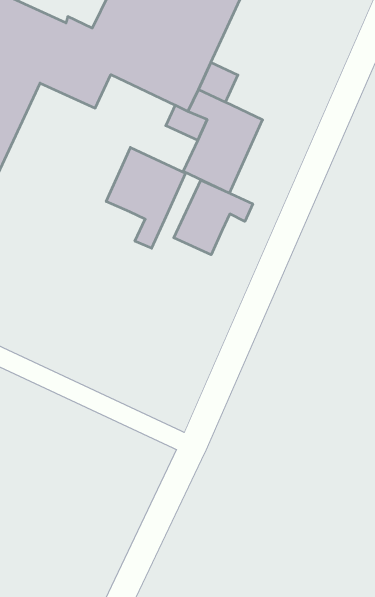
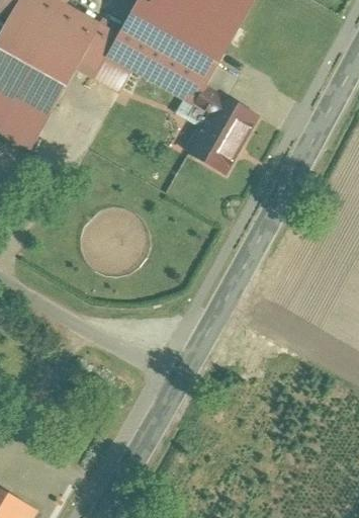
building: [106,147,185,248] -> none
building: [174,180,253,255] -> none

